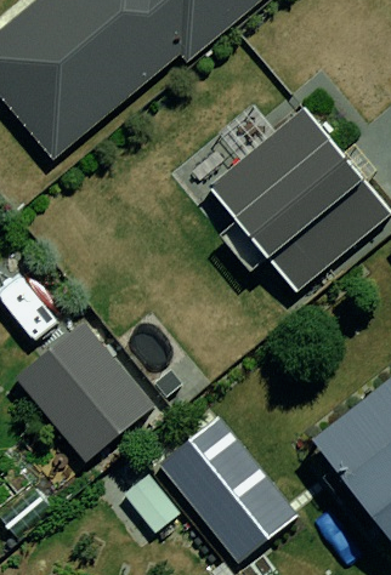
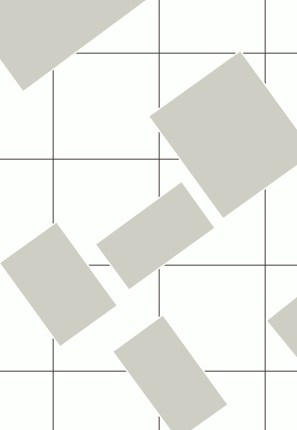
building: none -> [95,181,215,290]

